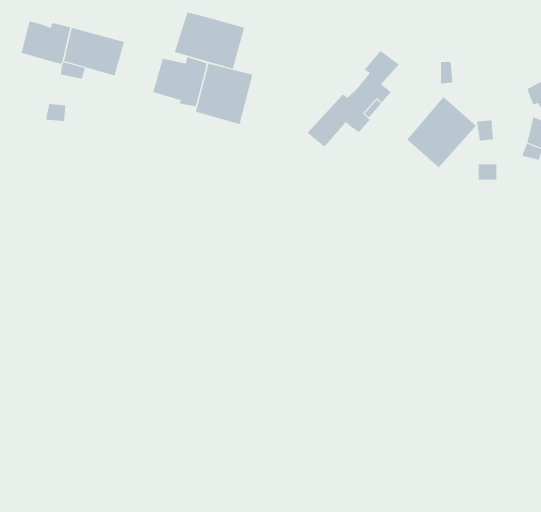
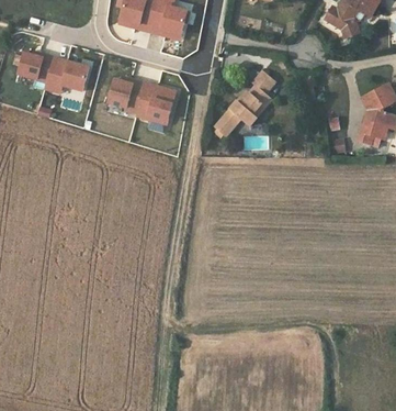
building: [174,11,245,69] -> none
building: [406,96,477,168] -> none

